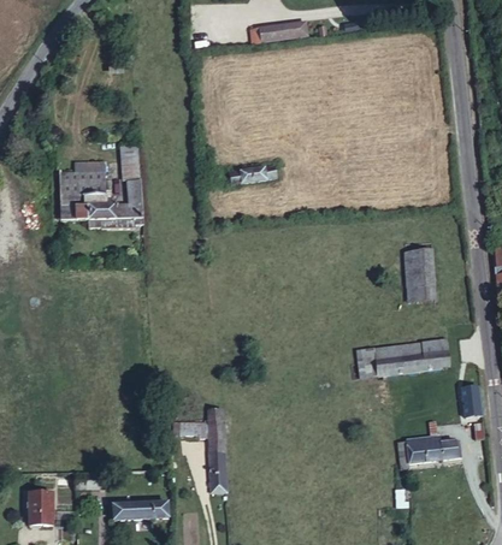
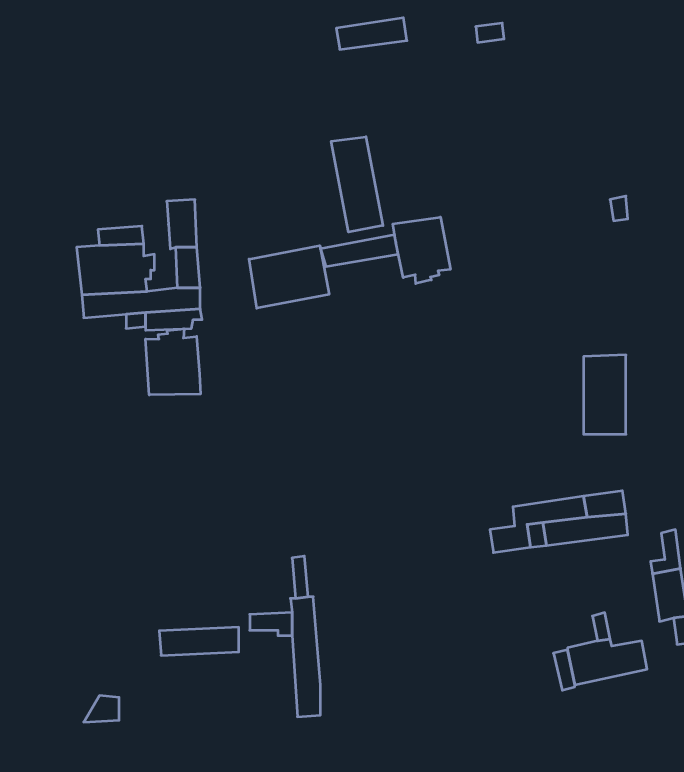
building: none -> [331,137,383,232]
building: none -> [393,217,450,284]
building: none -> [249,246,329,308]
building: none -> [146,329,200,395]
building: [28,491,54,526] -> none
building: [116,499,170,519] -> [159,627,239,655]

